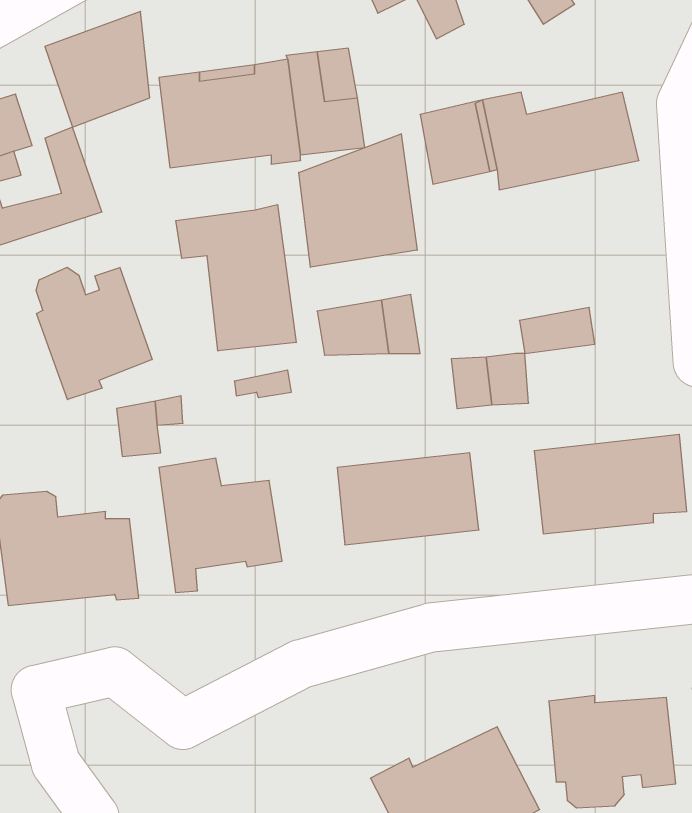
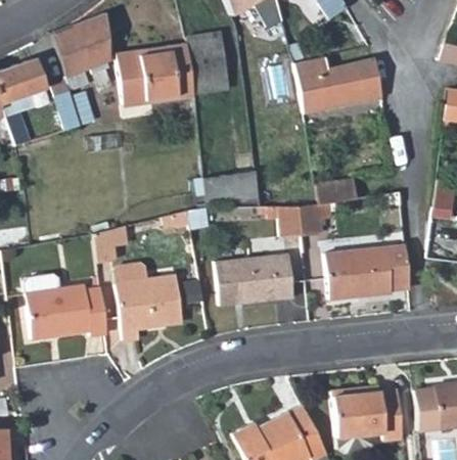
building: [299,134,417,267] -> none
building: [176,205,296,351] -> none
building: [36,267,152,400] -> none

